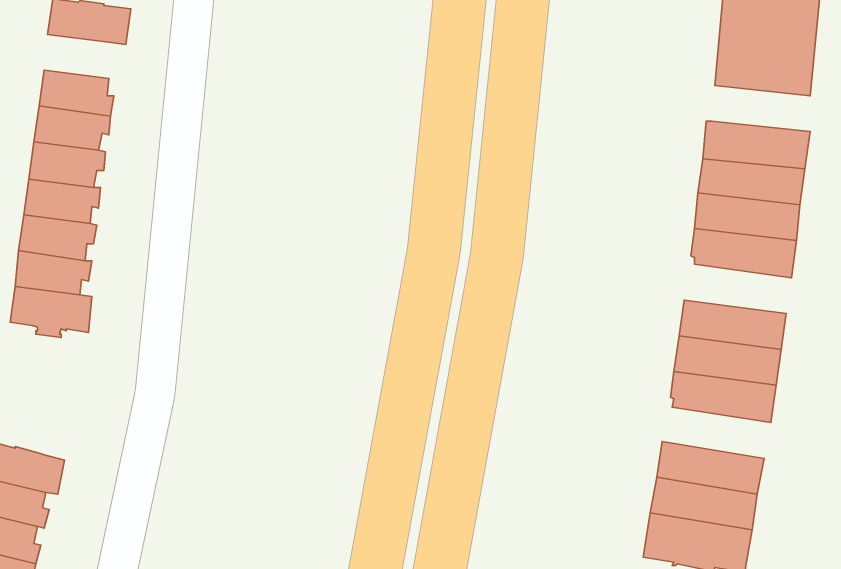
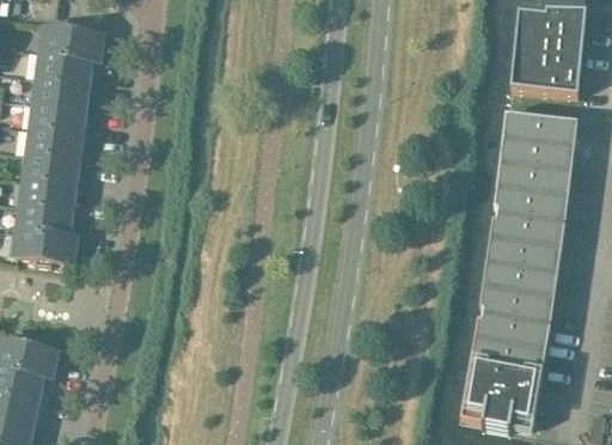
building: none -> [39,50,91,81]
building: none -> [489,212,564,246]
building: none -> [473,312,550,348]

